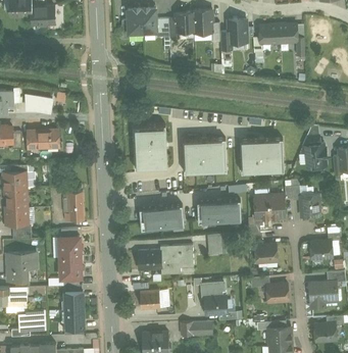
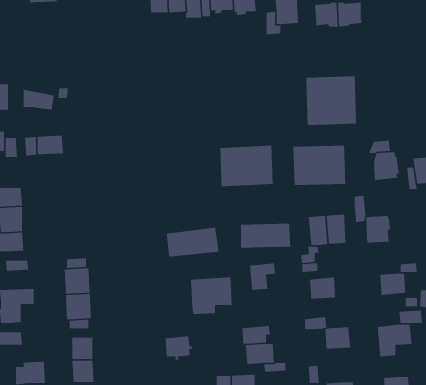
building: none -> [306,75,357,126]
building: [133,125,166,167] -> none
building: [63,191,83,219] -> none
building: [137,249,160,268] -> none

